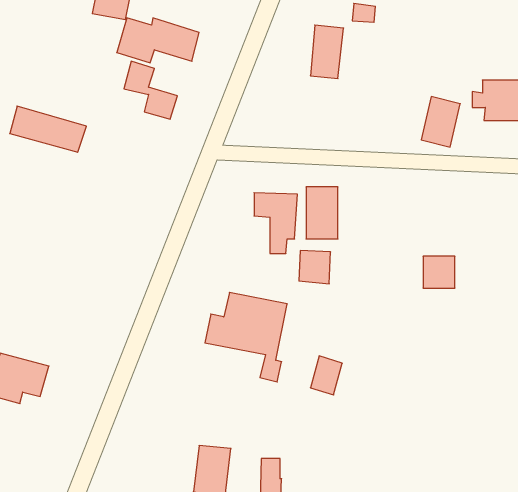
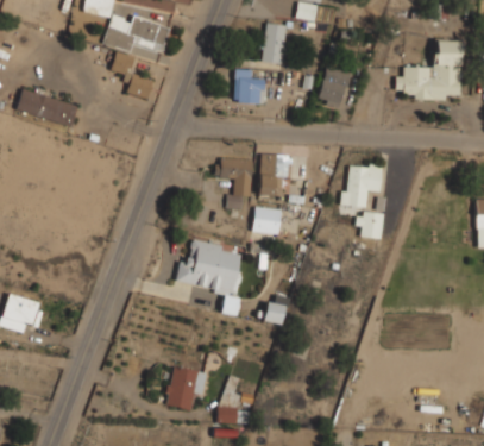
building: none -> [234,70,268,103]
building: [421,97,460,147] -> [318,67,350,108]
building: none -> [344,165,382,207]

